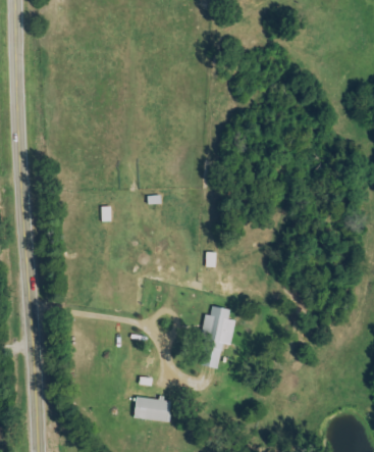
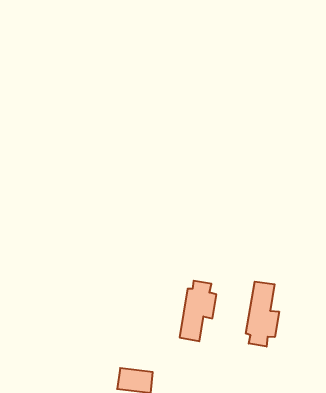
building: none -> [246,282,279,347]

